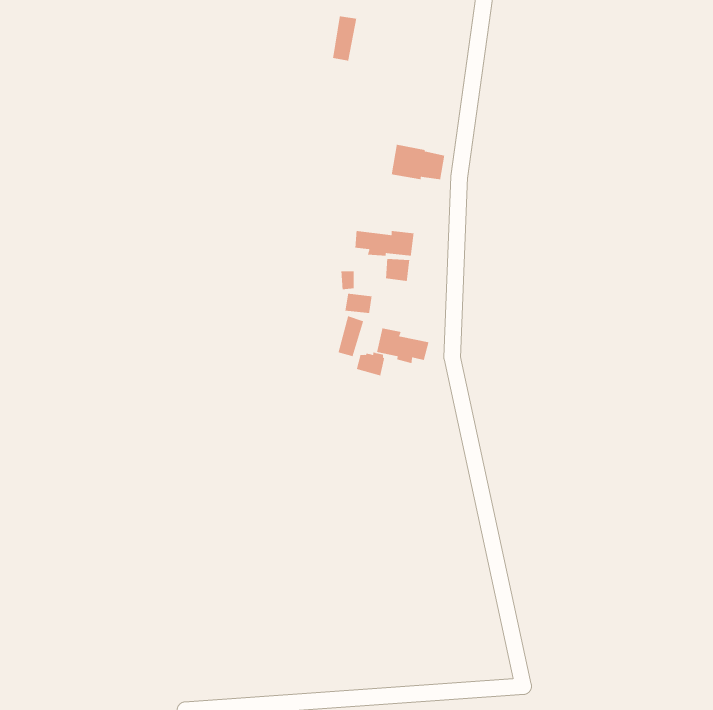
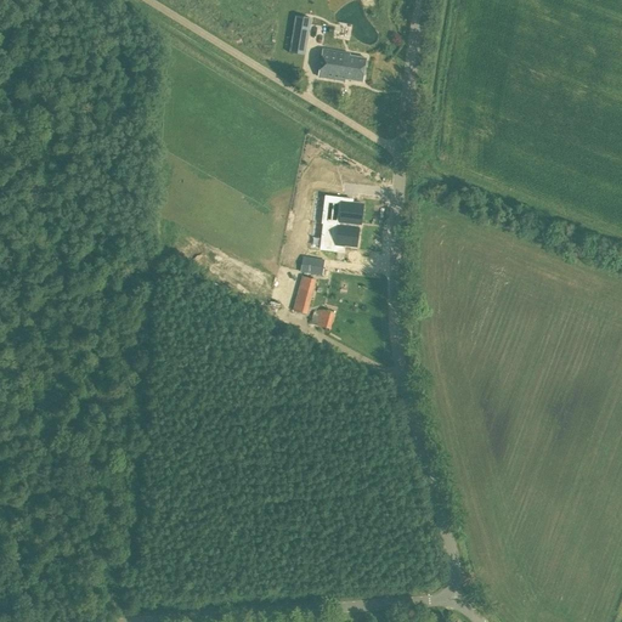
building: [391,144,445,180] -> [317,49,364,80]
building: [376,327,429,364] -> none

